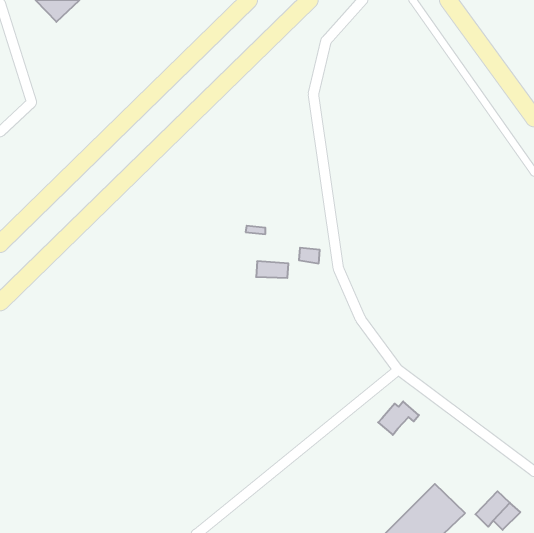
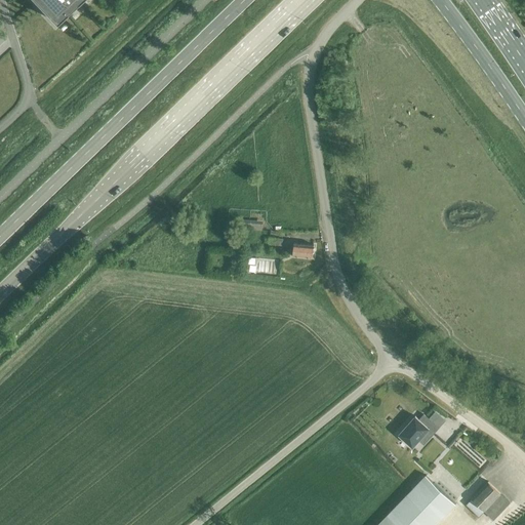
building: [378,401,419,435] -> [399,415,439,448]

